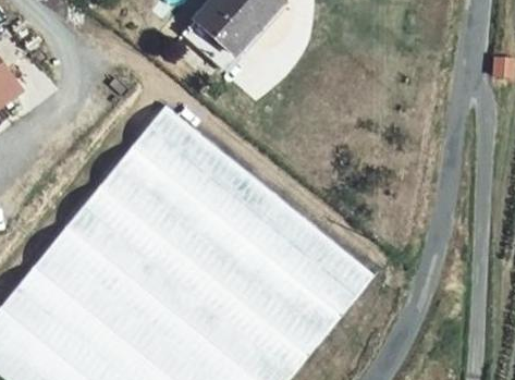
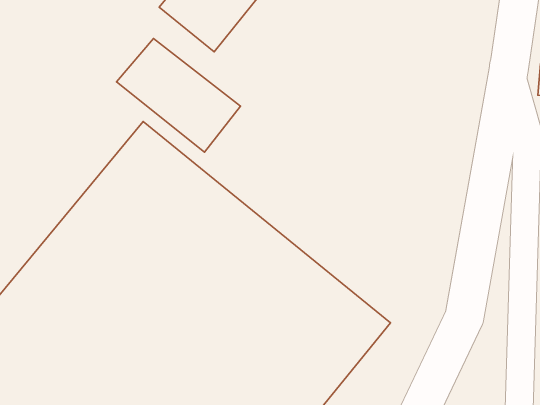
building: none -> [116,39,240,152]

